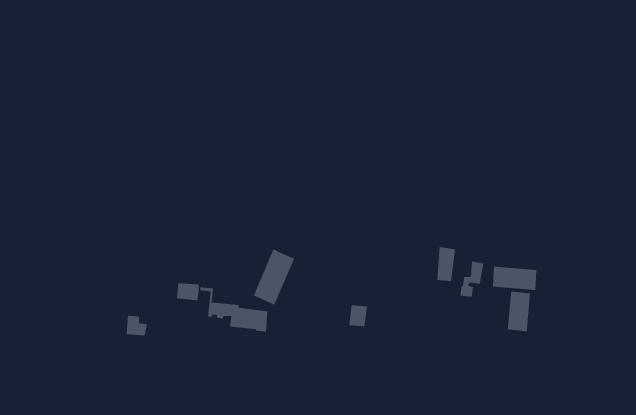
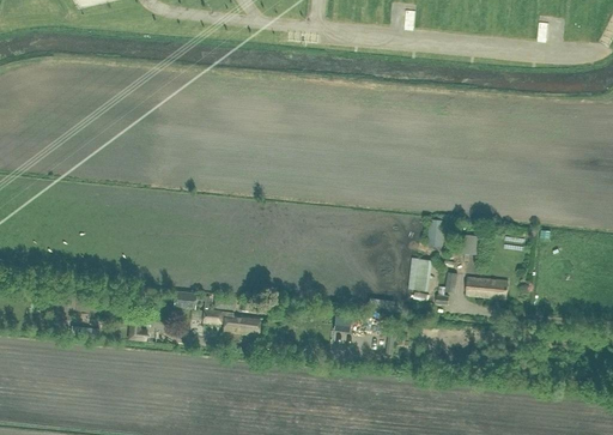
building: [253,249,295,306] -> none
building: [507,291,531,332] -> none

